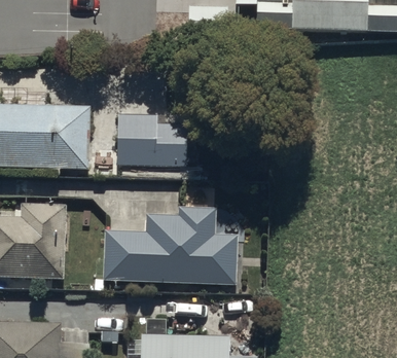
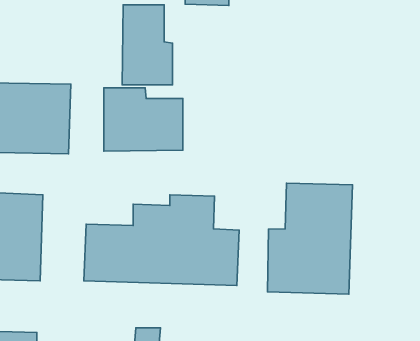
building: none -> [122,5,172,85]
building: none -> [267,183,352,294]

